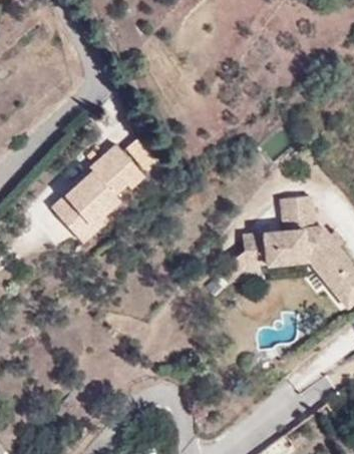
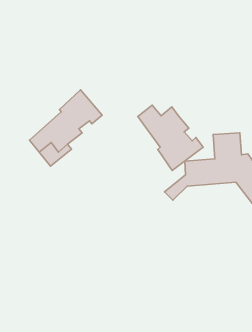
building: none -> [138,105,203,171]

